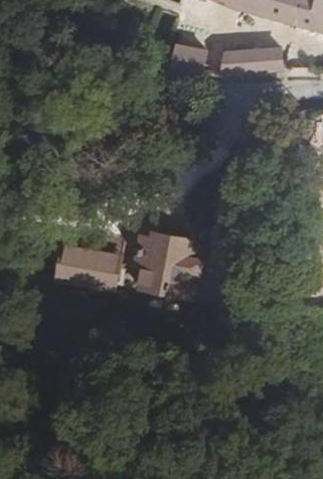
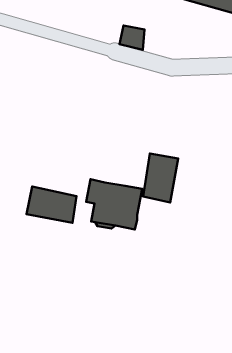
building: [221,46,286,73] -> none
building: none -> [143,153,178,202]

